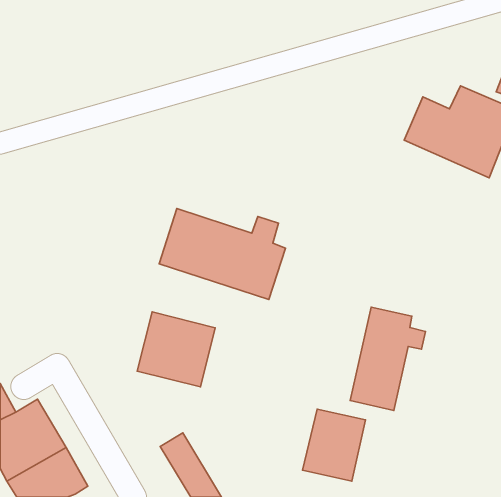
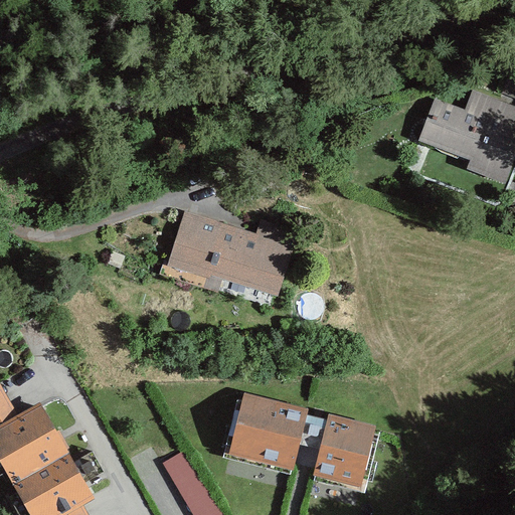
building: [350,307,425,411] -> none
building: [137,312,215,387] -> [225,395,305,472]

